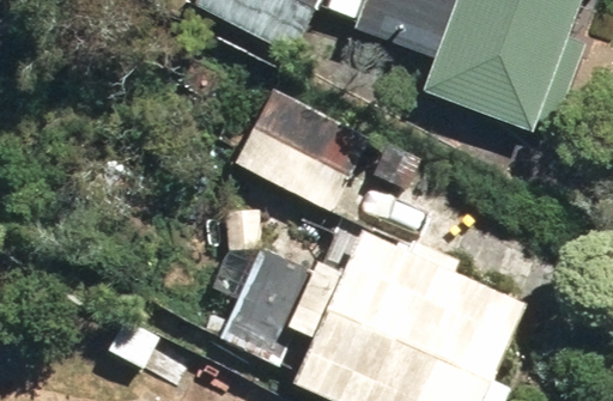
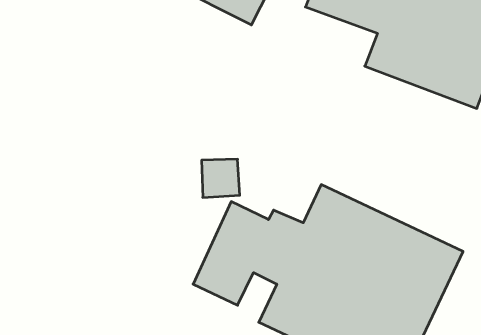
building: [248,85,386,208] -> none

